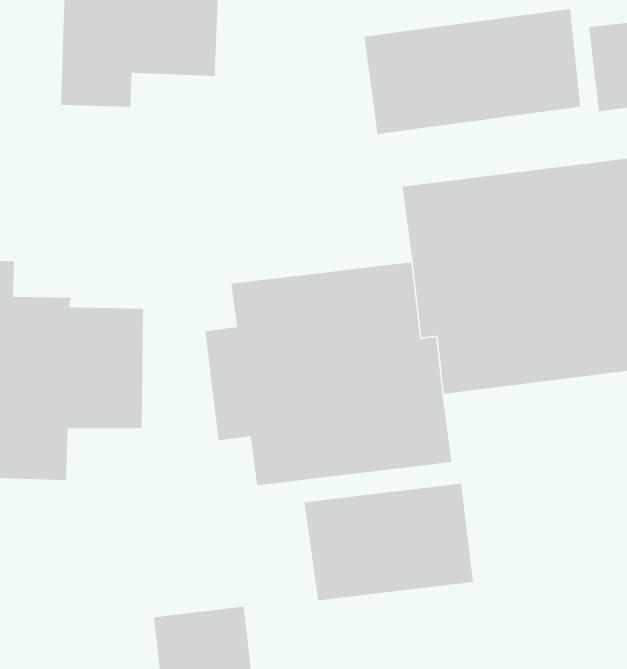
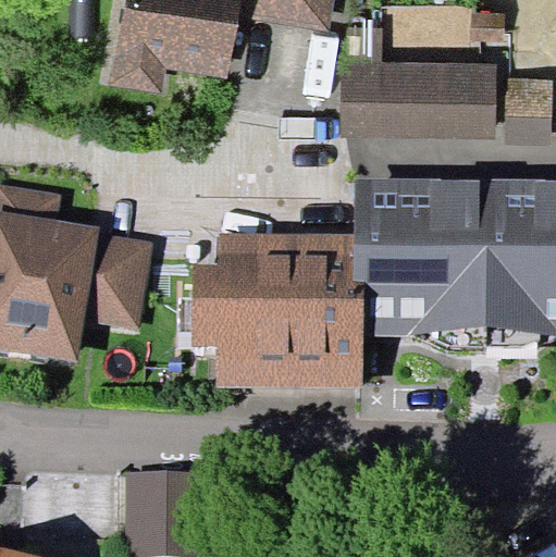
building: [303,483,474,601] -> none

